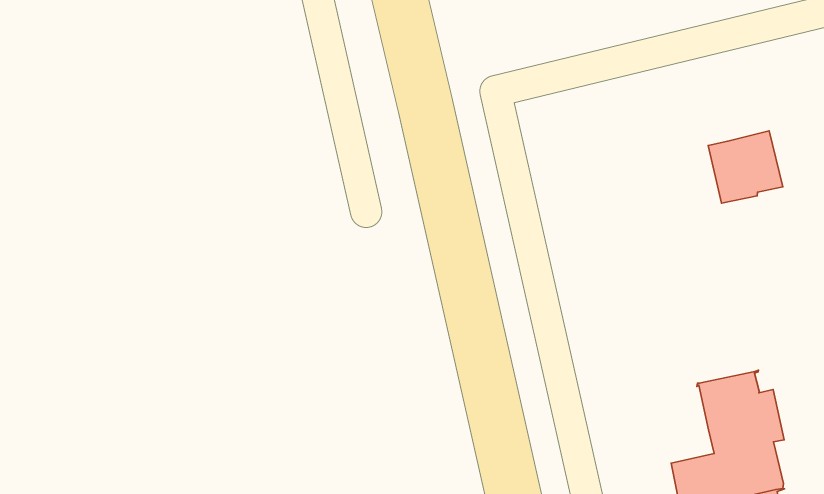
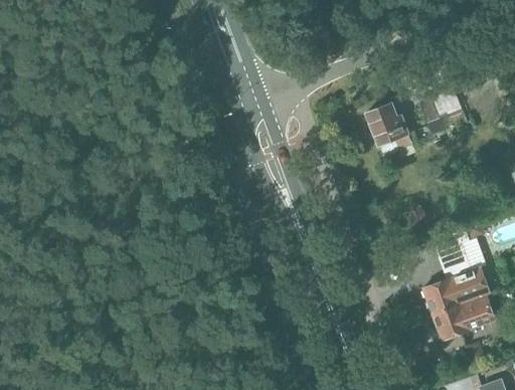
building: none -> [365,104,408,156]

